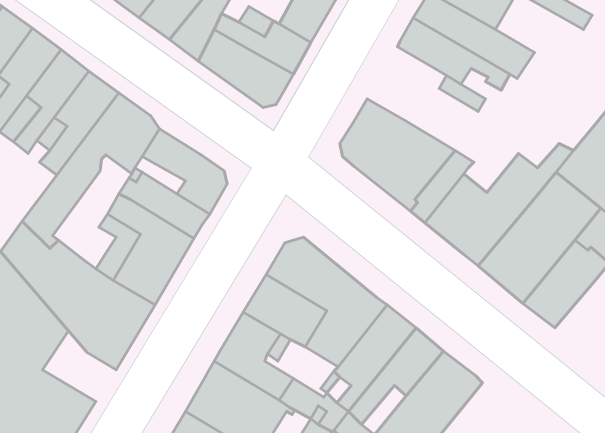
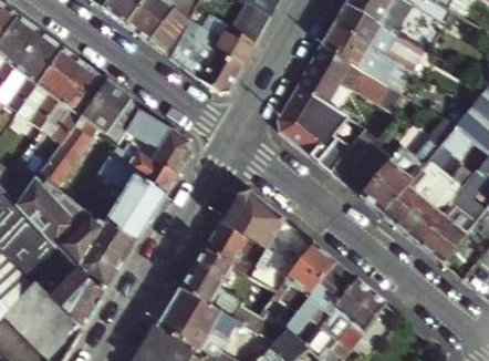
building: none -> [299,44,351,101]
building: none -> [50,262,106,317]

